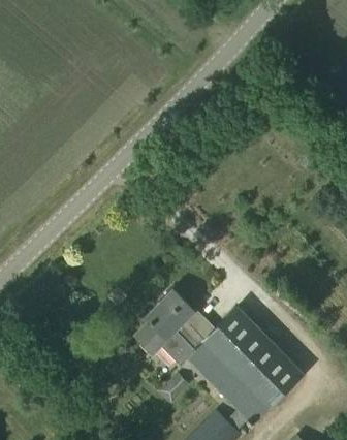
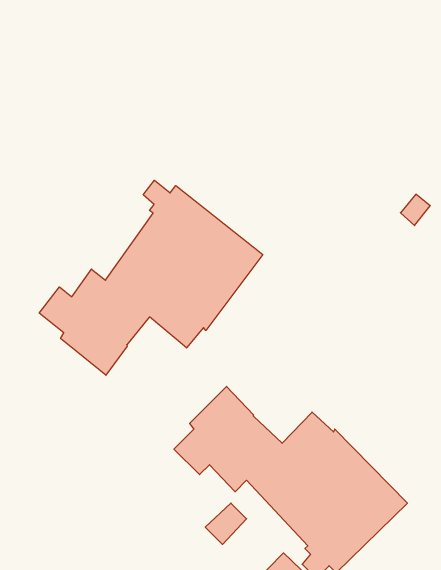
building: none -> [39,180,263,375]

